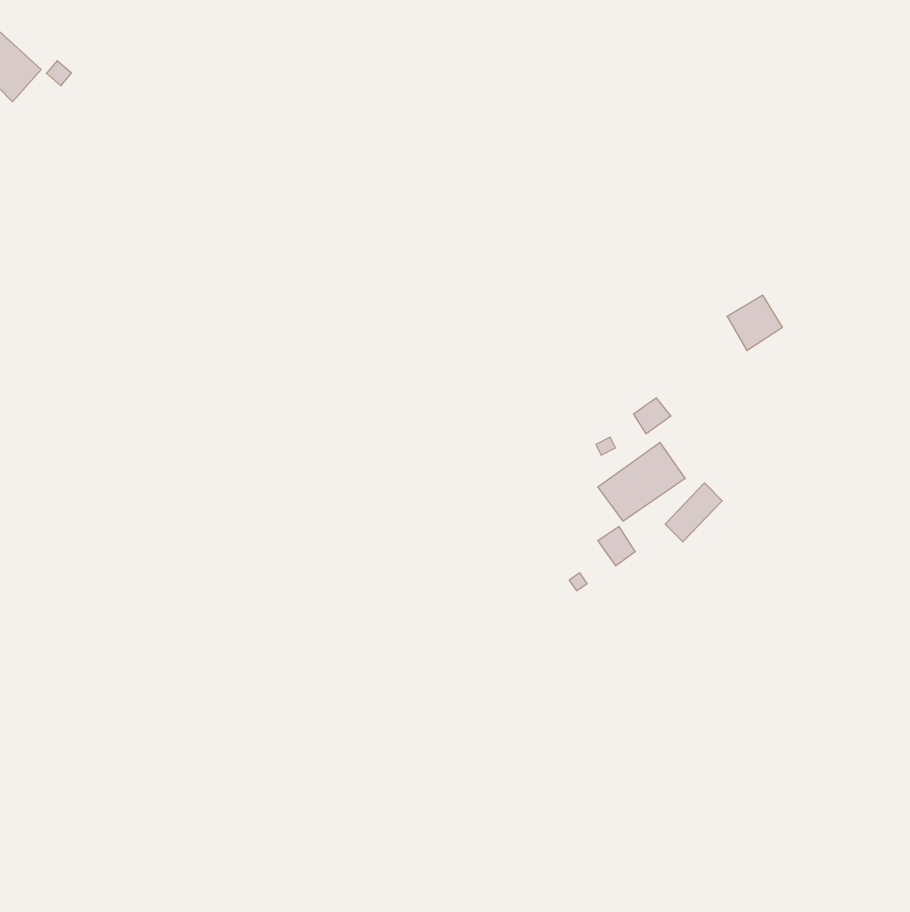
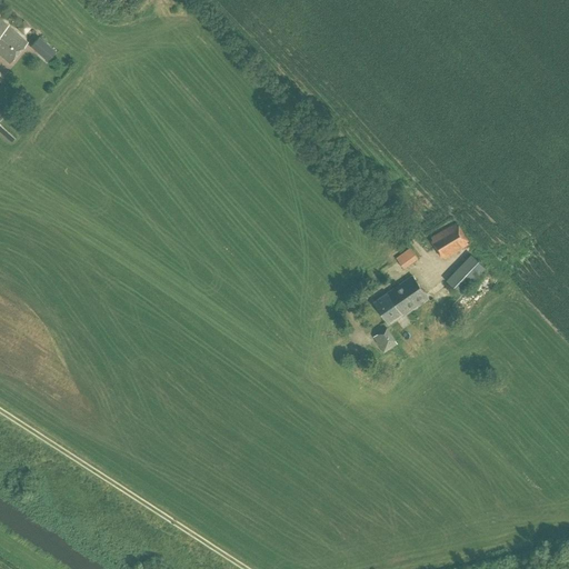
building: [727,295,782,351] -> [431,224,466,259]
building: [665,483,722,542] -> [447,257,482,293]

